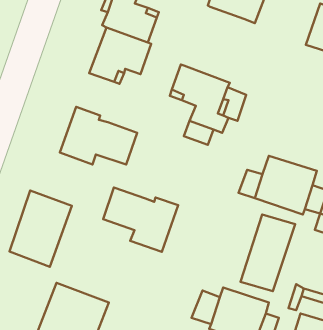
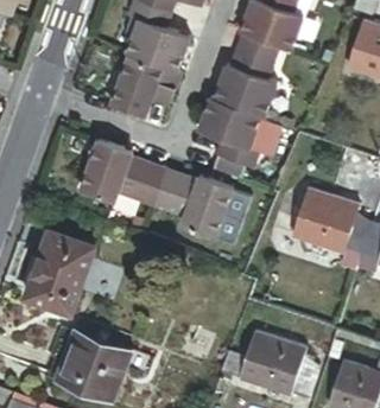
building: none -> [216,31,281,114]
building: [103,188,178,252] -> [153,168,235,238]
building: [241,214,295,291] -> none

